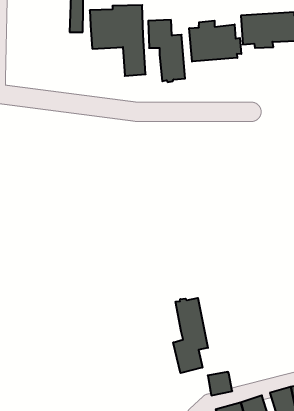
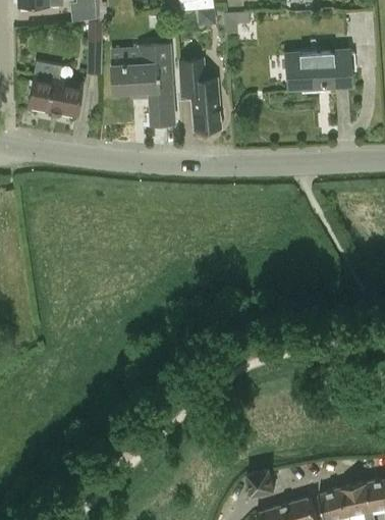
building: [189,21,241,62] -> none
building: none -> [29,62,82,117]
building: [173,298,208,373] -> none

